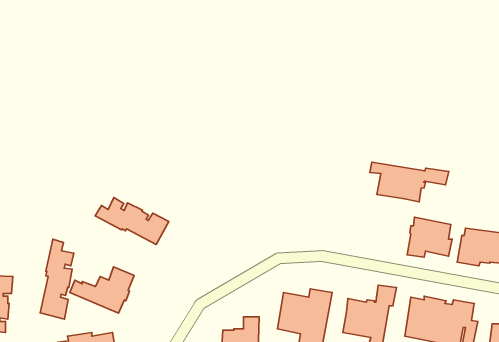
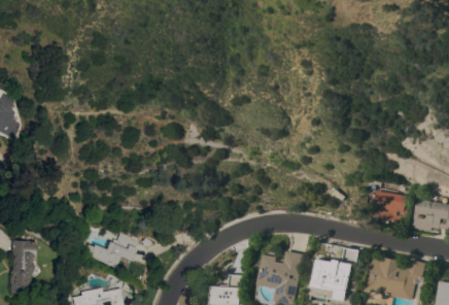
building: [370,162,449,202] -> none
building: [95,198,169,245] -> none
building: [40,239,74,319] -> none

